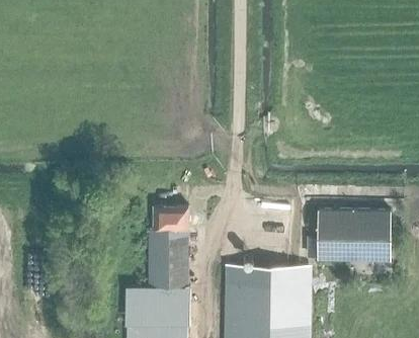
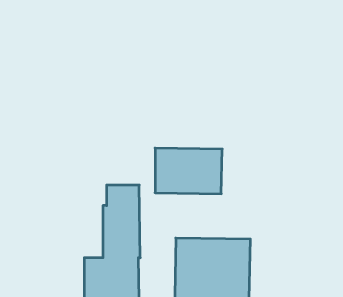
building: [318,212,391,261] -> [155,148,222,194]

